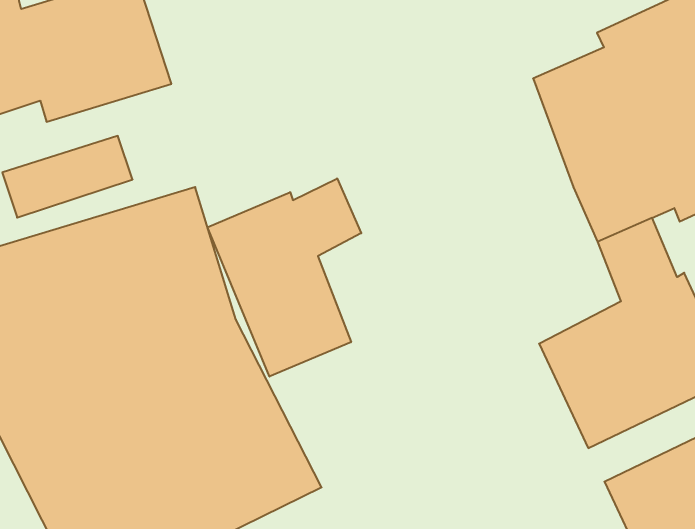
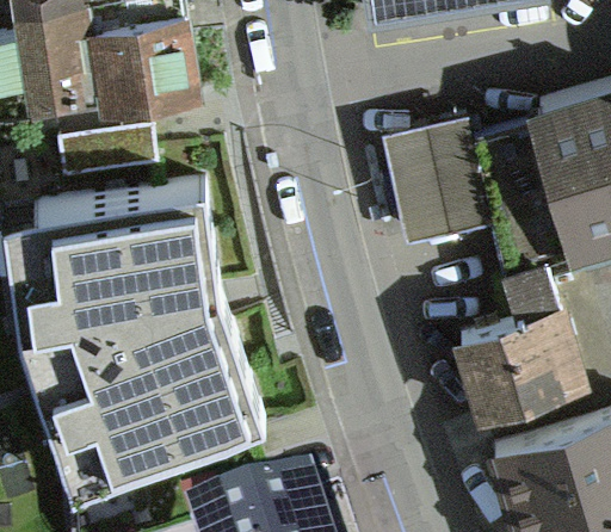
building: none -> [385,117,493,246]
building: [208,178,361,377] -> none

